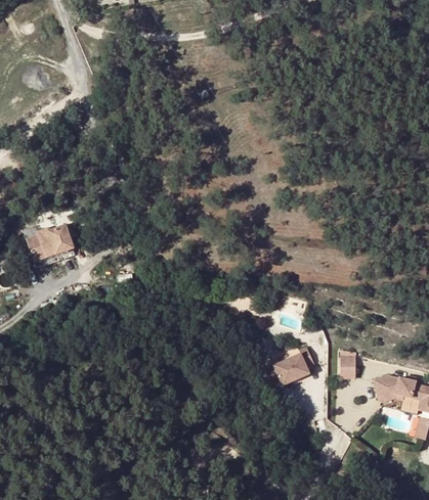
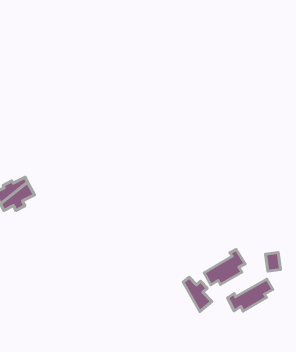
building: none -> [183,277,212,311]
building: none -> [227,279,273,311]

